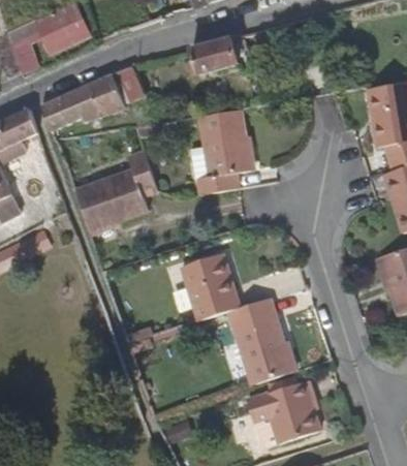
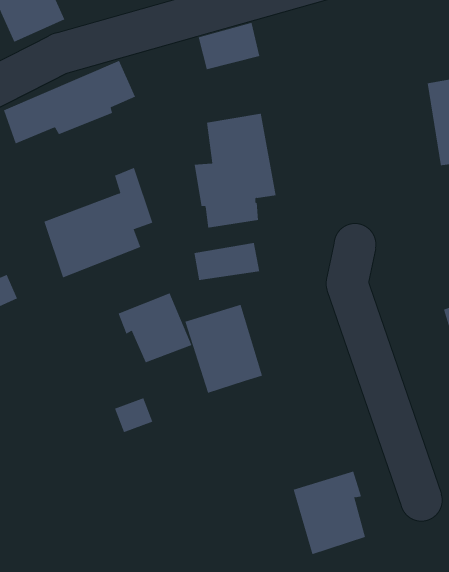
building: none -> [194,242,260,281]
building: none -> [118,292,192,363]
building: [227,298,294,385] -> none

